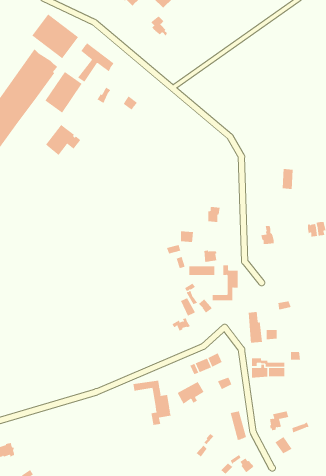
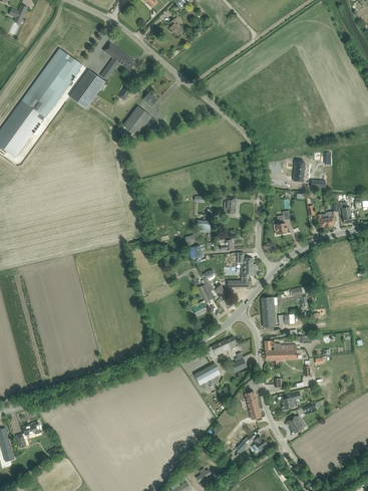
building: [32,13,79,59] -> none
building: [45,124,81,156] -> [123,106,157,137]
building: [133,380,171,426] -> none

